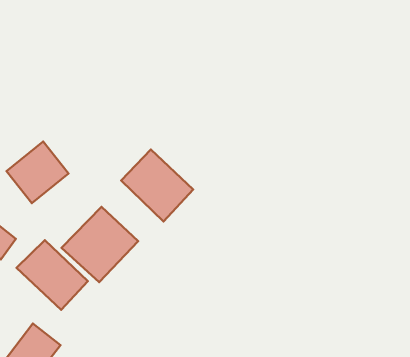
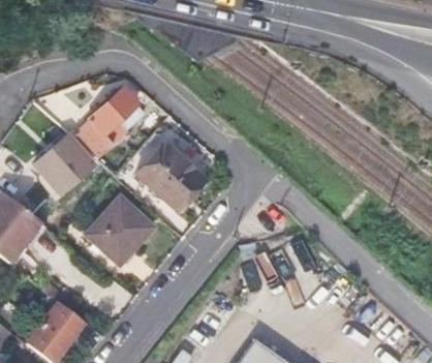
building: none -> [68,89,145,158]
building: [17,240,88,310] -> none

